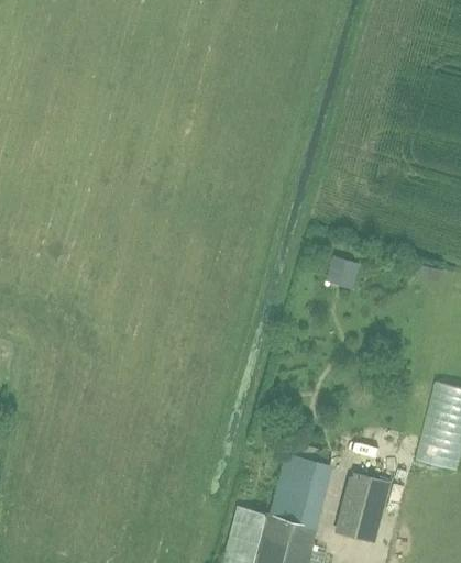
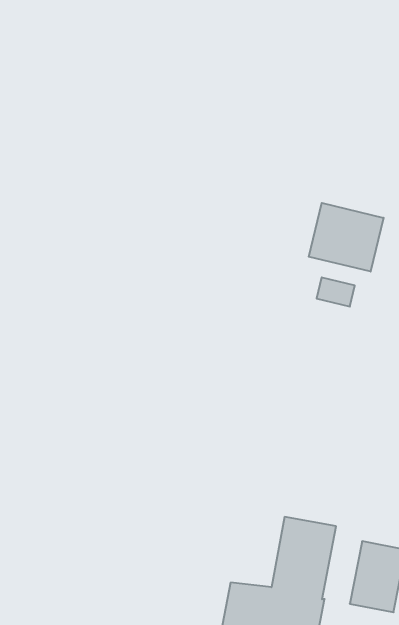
building: none -> [309,203,384,272]

